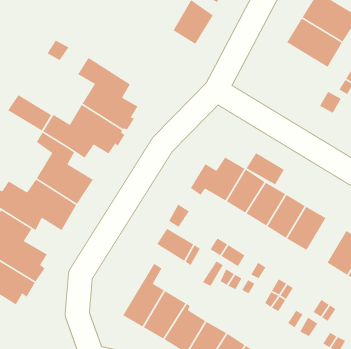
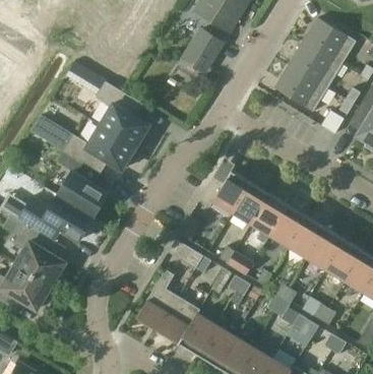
building: none -> [275,65,327,111]
building: [246,152,285,186] -> none
building: none -> [308,228,345,269]

